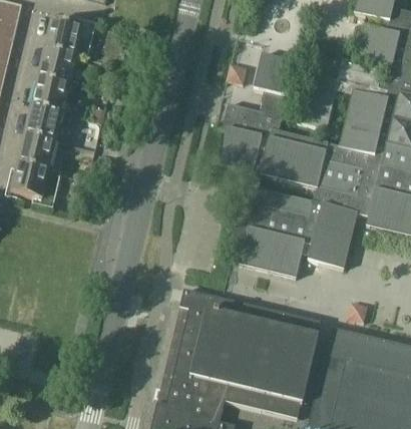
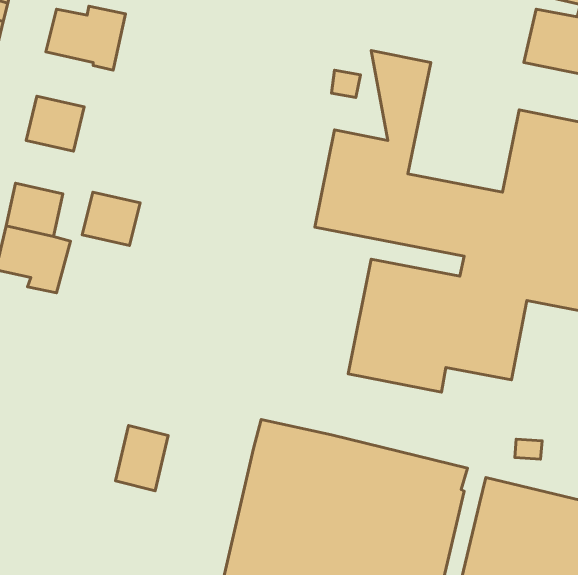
building: [36,49,73,85] -> none
building: [22,107,60,142] -> [82,192,140,246]
building: none -> [115,426,168,491]

